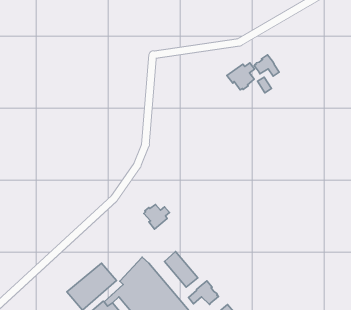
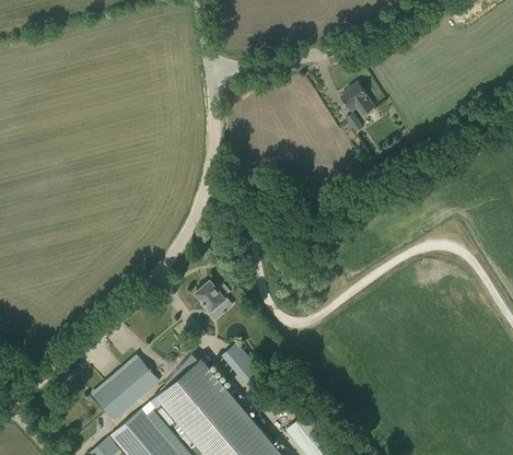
building: [227,63,255,90] -> none
building: [188,281,219,305] -> none

